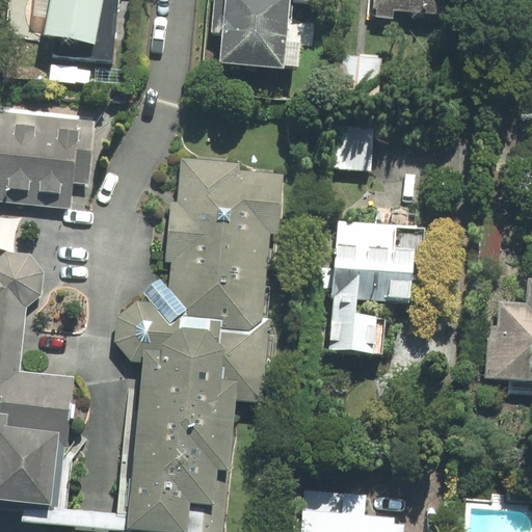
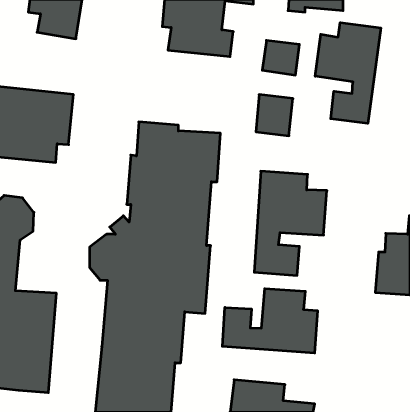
building: none -> [315,23,381,123]
building: none -> [222,289,317,353]

